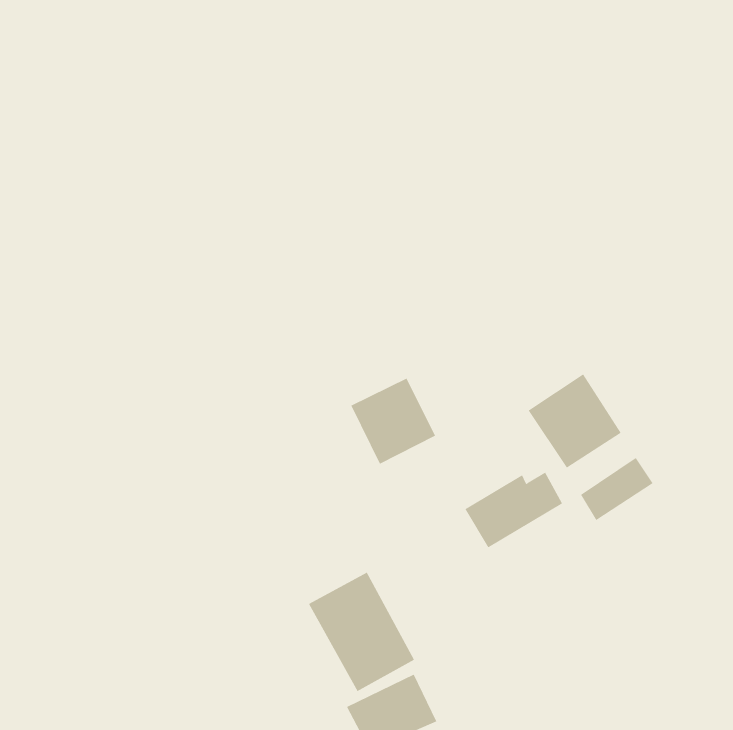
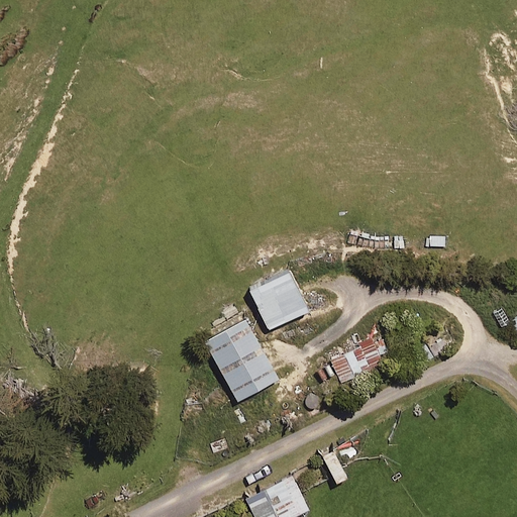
building: [528,373,621,469] -> none
building: [308,572,415,692] -> [203,317,278,401]

